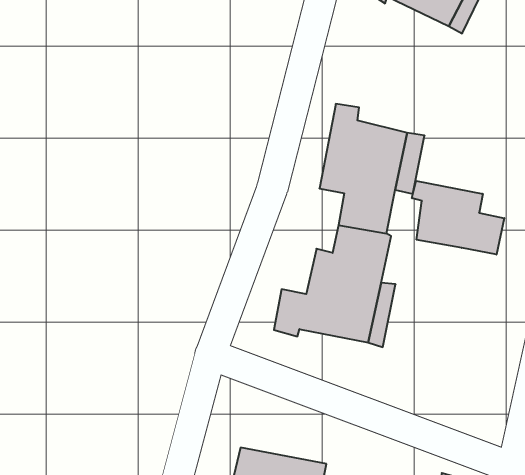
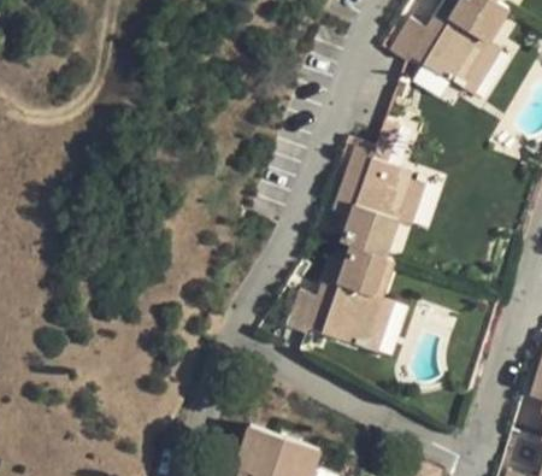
building: [412,181,504,255] -> none

